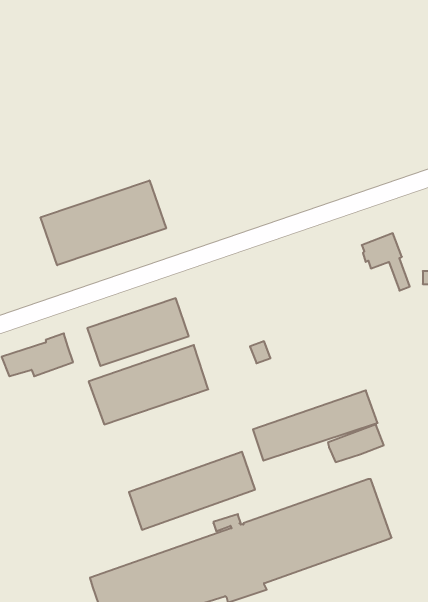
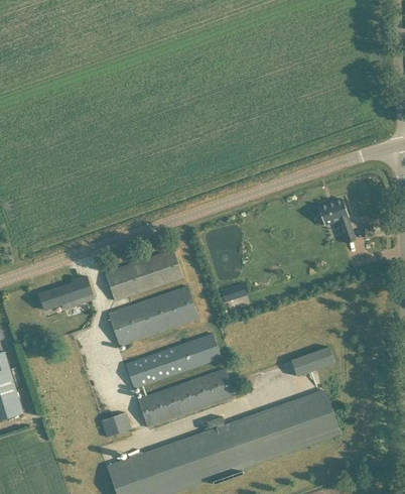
building: [41,180,166,265] -> none
building: [253,390,378,461] -> [125,334,222,388]
building: none -> [102,411,131,436]

